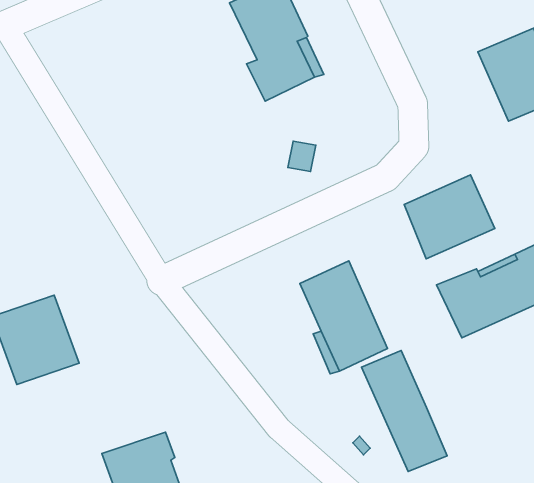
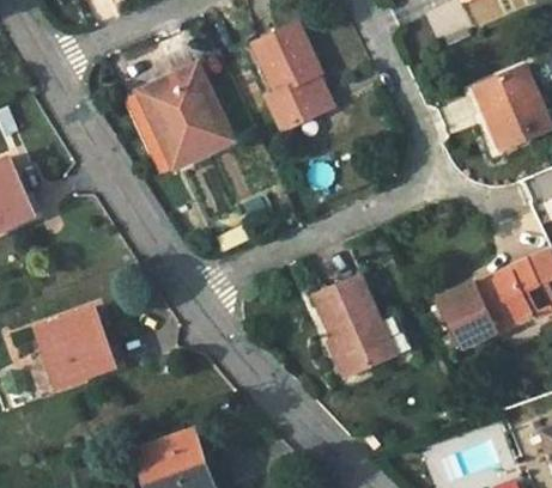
building: none -> [137,66,231,165]
building: [404,175,495,259] -> none
building: [361,350,447,471] -> none

